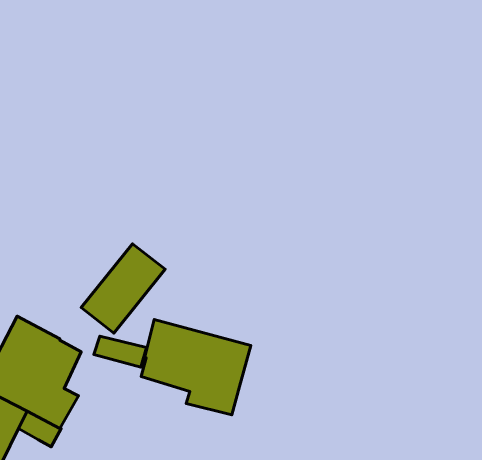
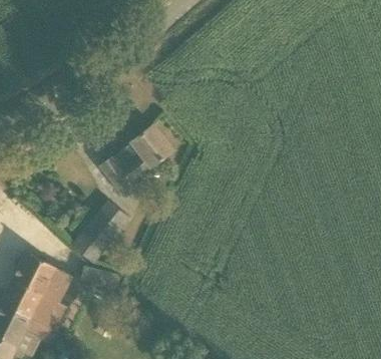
building: none -> [98,124,172,200]
building: [141,319,251,415] -> none

